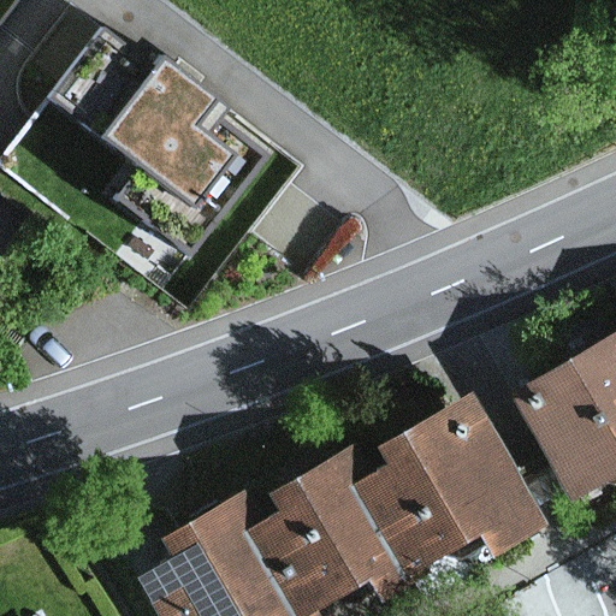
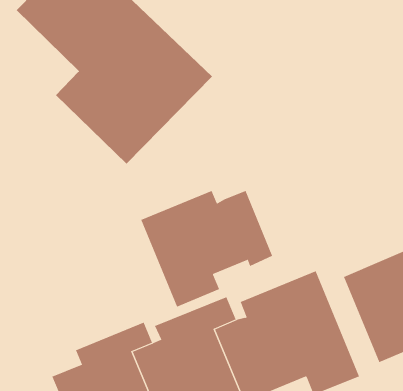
building: none -> [140,190,273,308]

